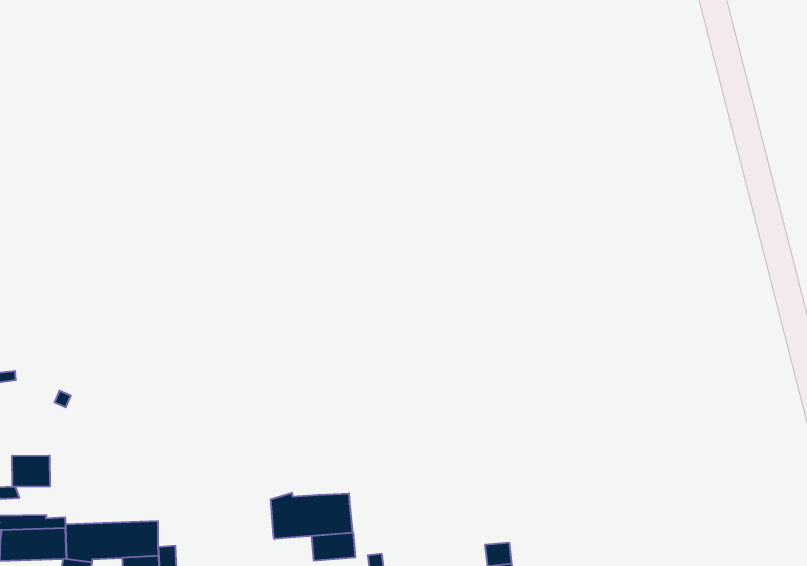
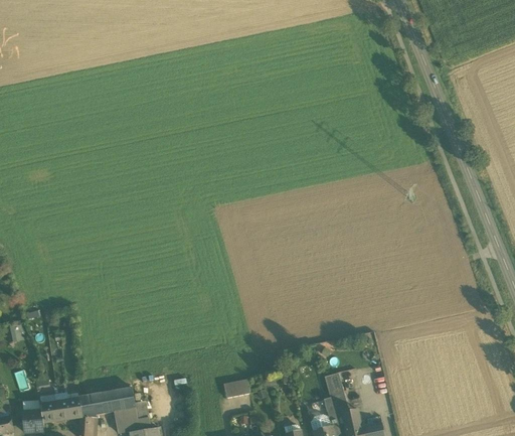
building: [12,455,50,487] -> none
building: [271,493,352,539] -> none

